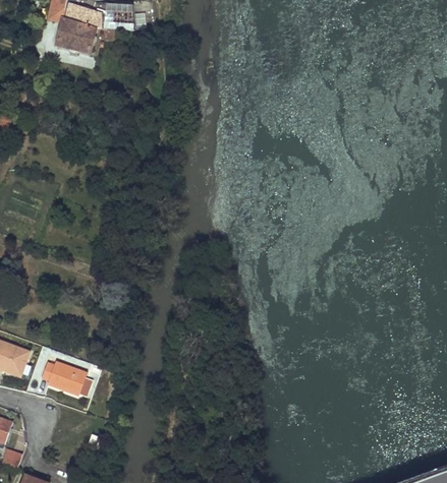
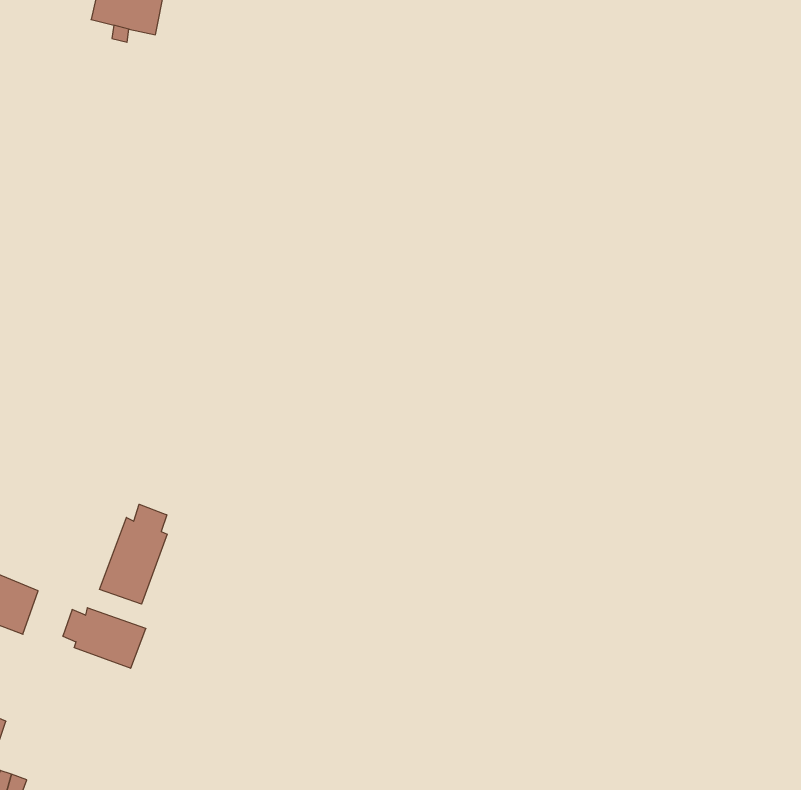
building: none -> [99,504,167,604]

